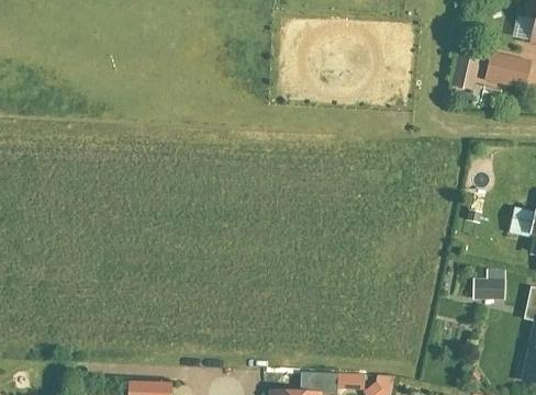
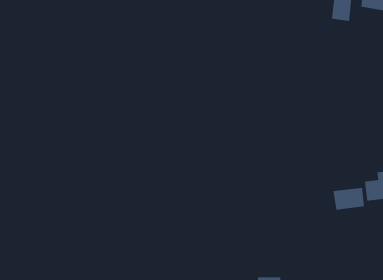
building: none -> [333,187,365,210]

